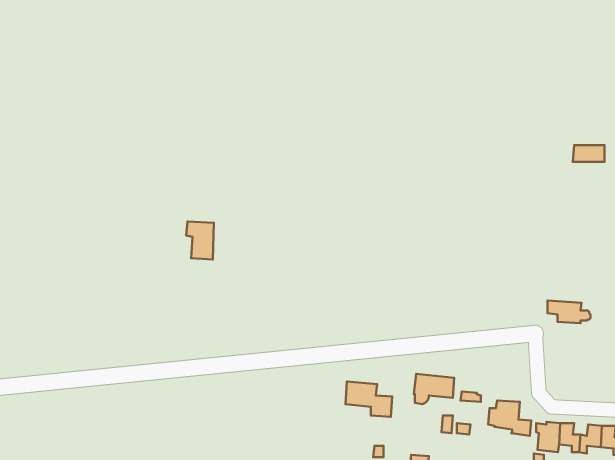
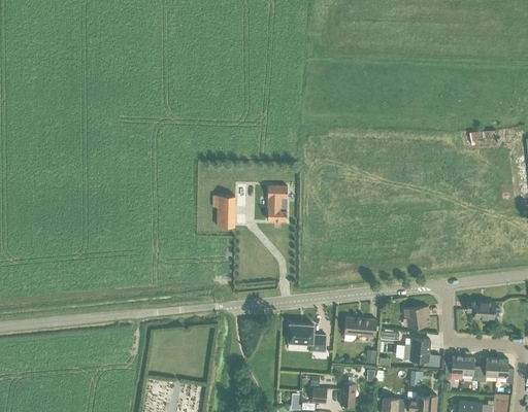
building: none -> [267,185,287,219]
building: [186,222,214,259] -> [211,195,234,226]
building: [548,300,590,323] -> [467,300,502,318]
building: none -> [403,306,428,328]

